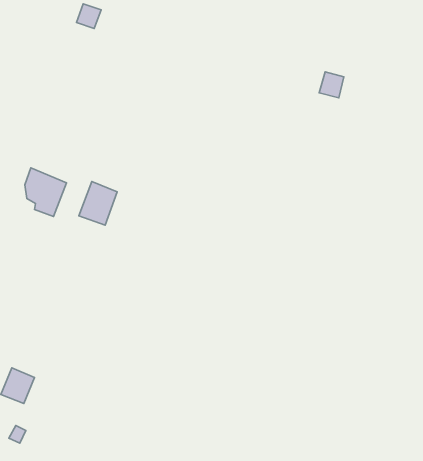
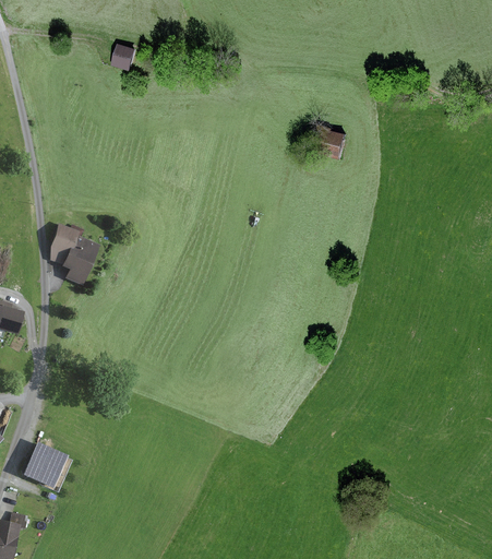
building: [319,72,344,98] -> [316,129,344,157]
building: [79,182,117,225] -> none

